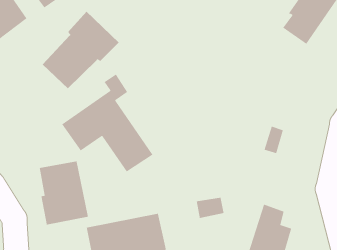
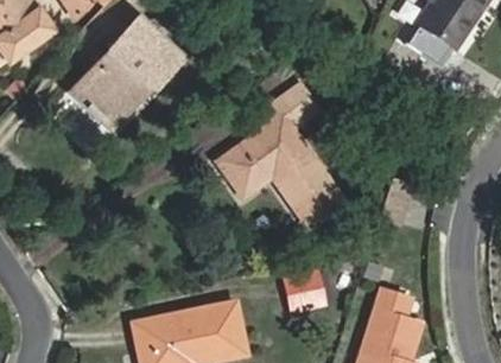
building: [61,73,153,173] -> [215,89,344,228]
building: [39,161,89,225] -> none

